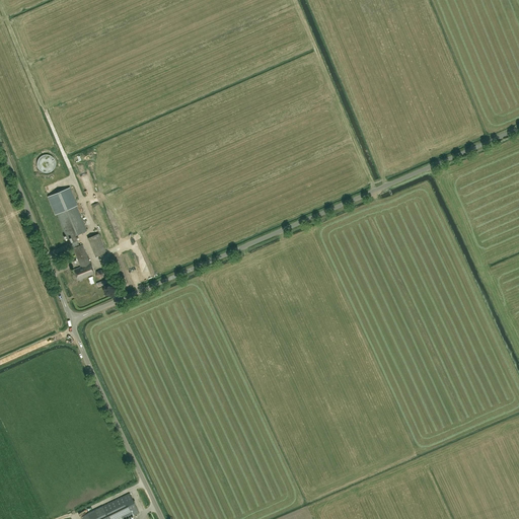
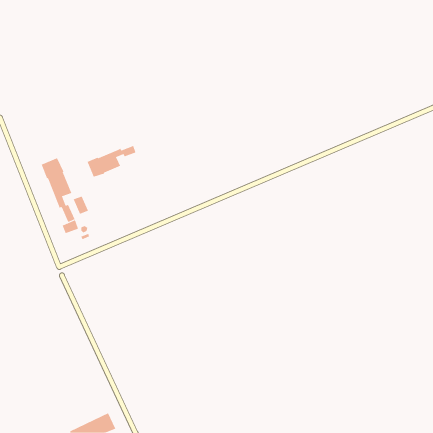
building: none -> [87,145,136,178]

